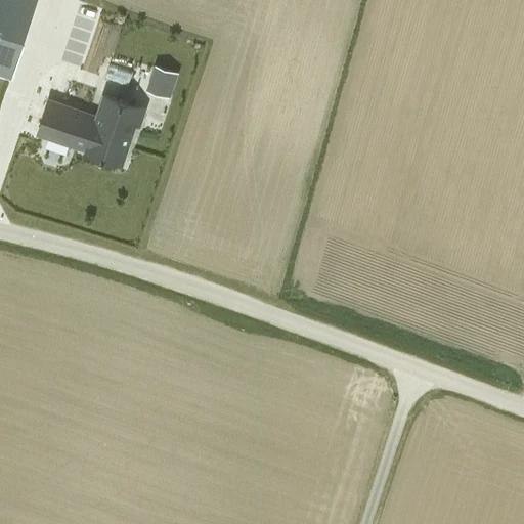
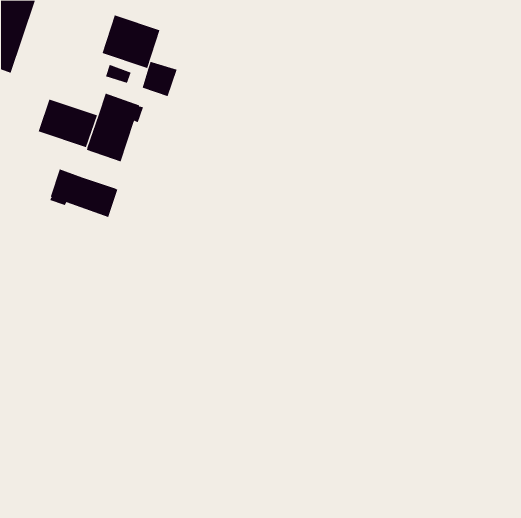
building: none -> [102,15,160,69]
building: none -> [49,168,118,218]

